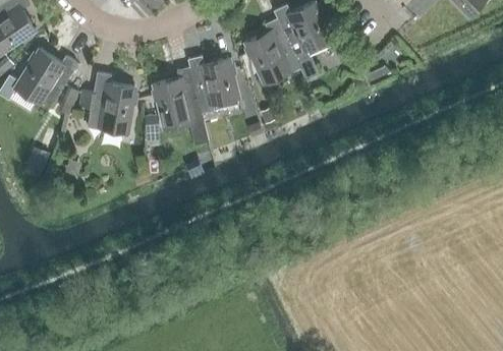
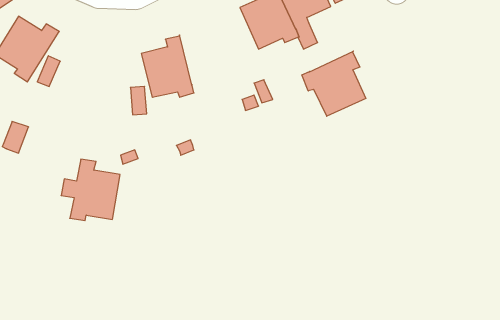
building: [187,56,237,113] -> none
building: [78,72,133,129] -> [61,159,120,221]
building: none -> [302,51,366,116]

